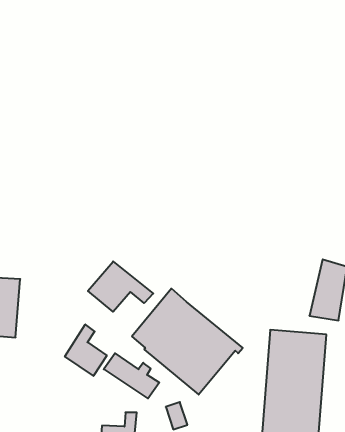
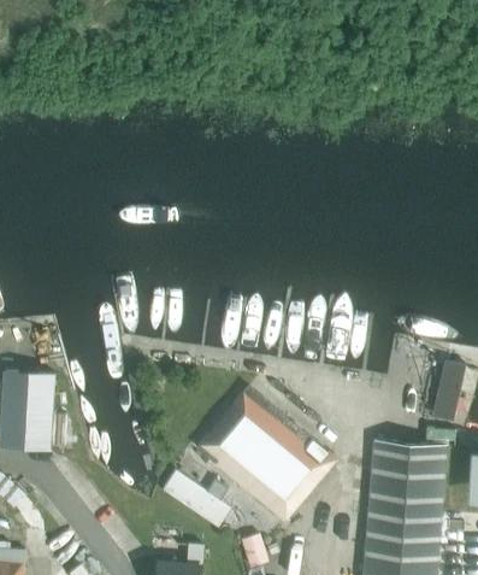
building: [88,261,153,312] -> none
building: [65,324,107,376] -> none

